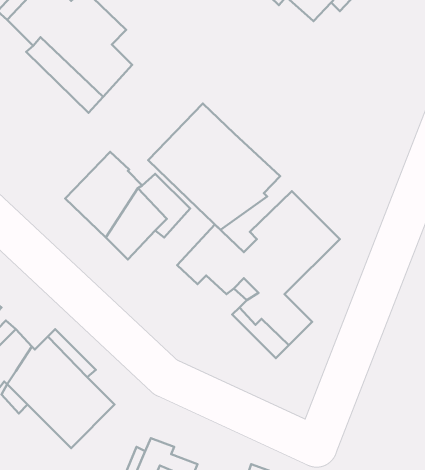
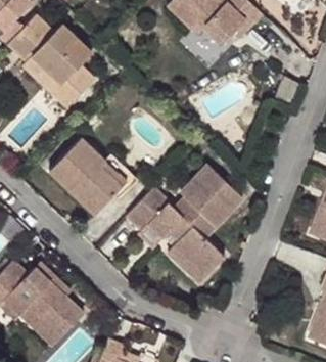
building: [148,103,280,230] -> none

